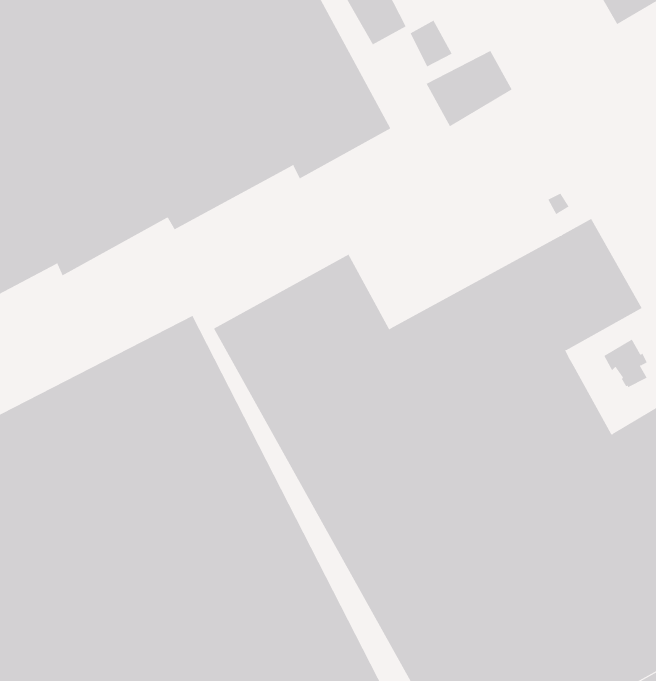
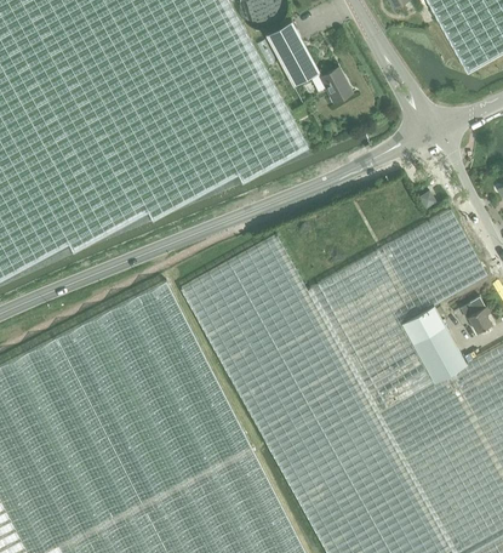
building: [426,50,512,127] -> none

